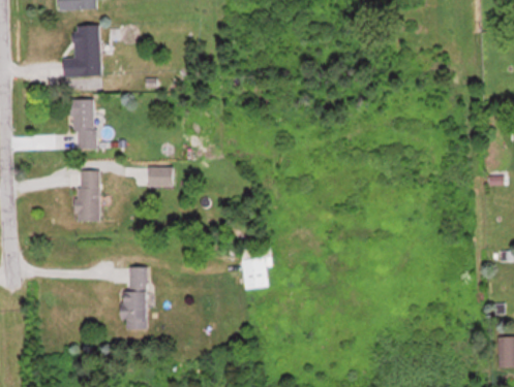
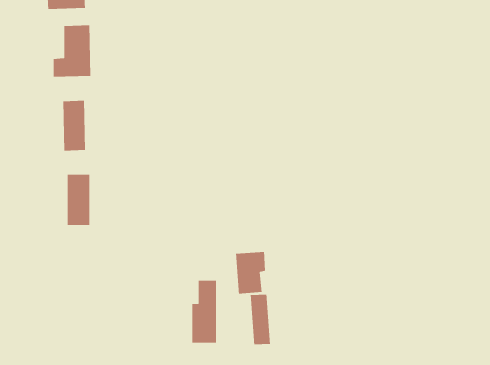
building: [147,167,173,187] -> none
building: [122,267,147,329] -> [191,280,217,343]
building: none -> [250,294,271,345]

